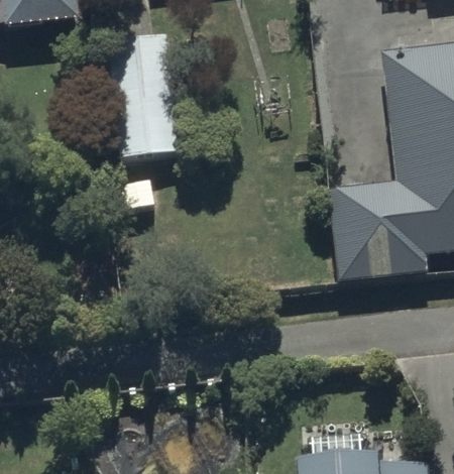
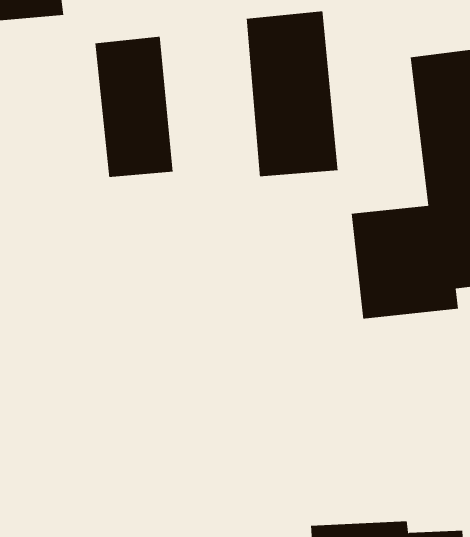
building: none -> [246,11,338,177]

